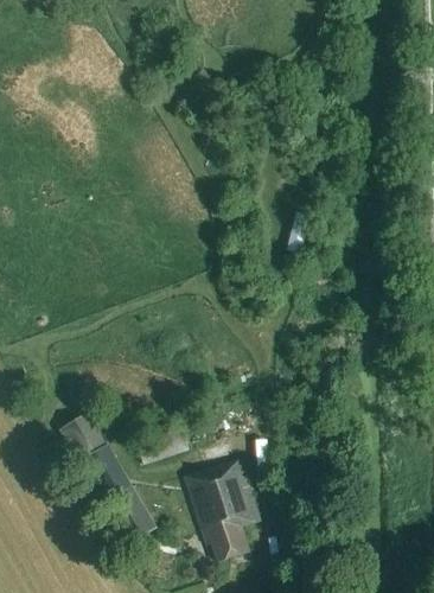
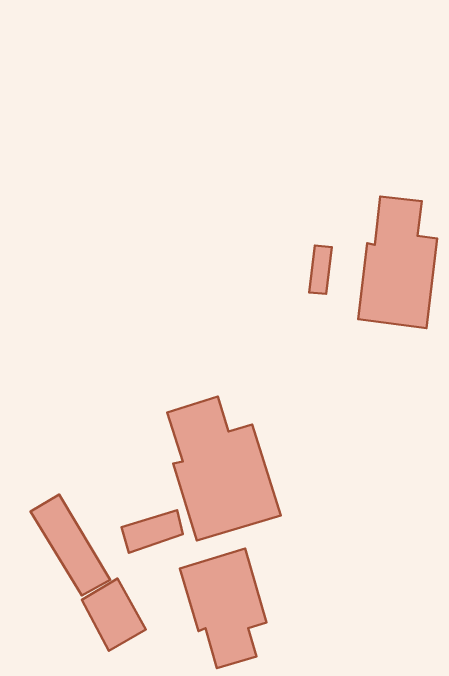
building: none -> [358,197,437,328]
building: none -> [167,397,281,541]

